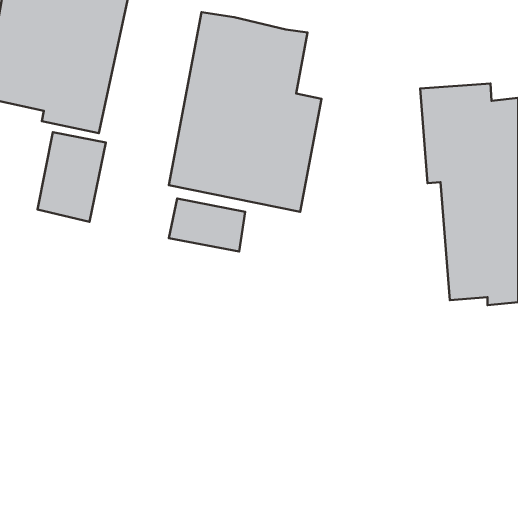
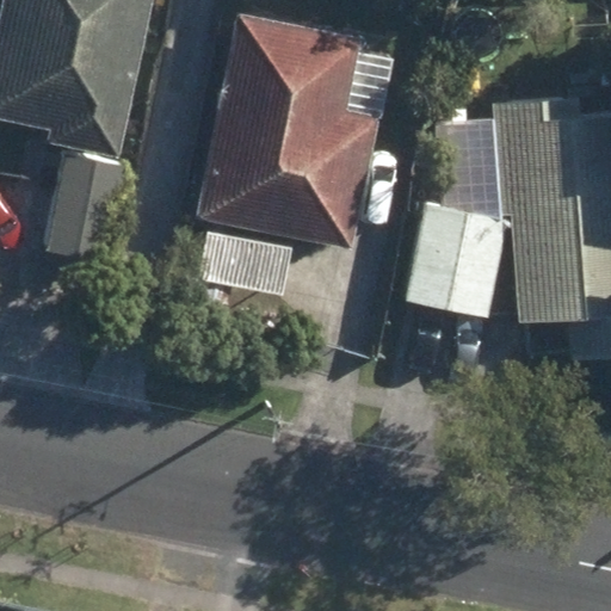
building: none -> [403,203,505,315]

